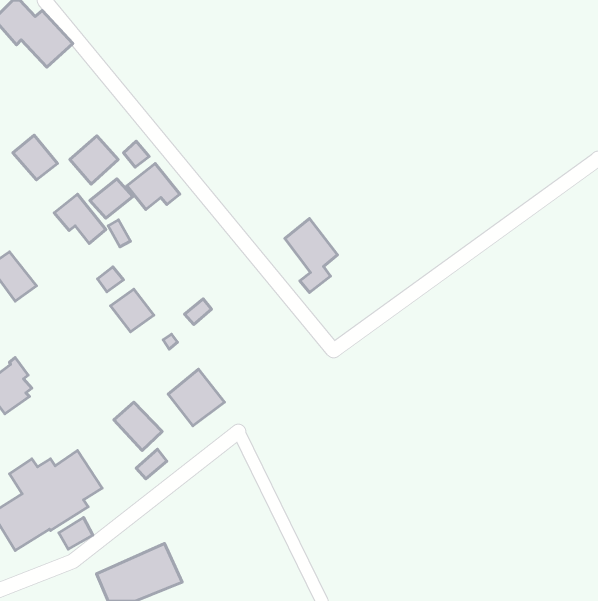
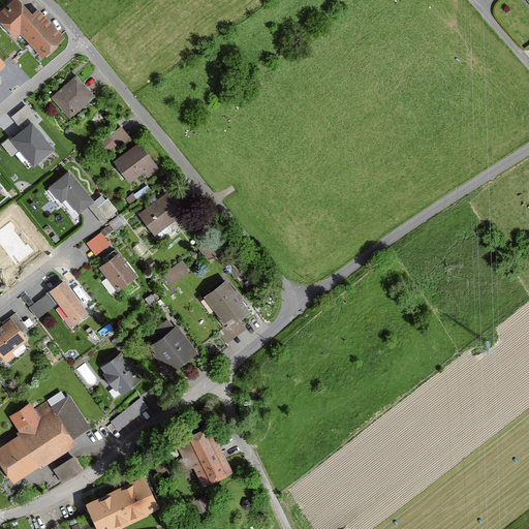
building: [70,136,118,184] -> [51,77,93,120]
building: [90,179,133,218] -> none
building: [285,218,338,293] -> [204,279,250,344]
building: none -> [137,194,181,237]
building: none -> [27,281,87,324]
building: none -> [173,426,232,489]

